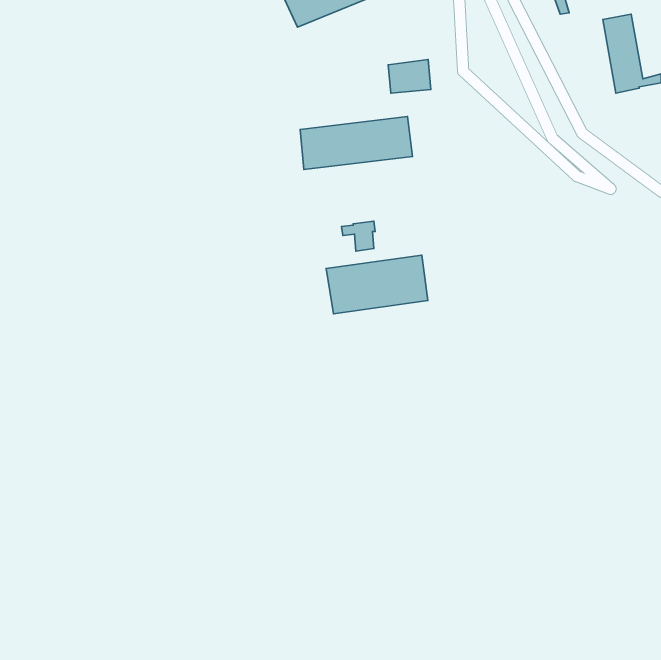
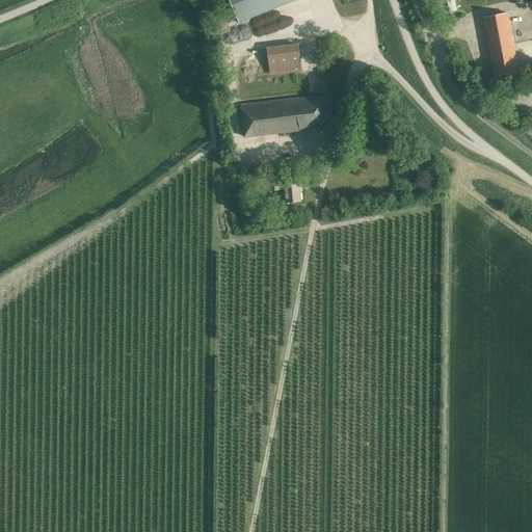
building: [388,60,431,93] -> [267,45,301,72]
building: [326,255,428,314] -> none

